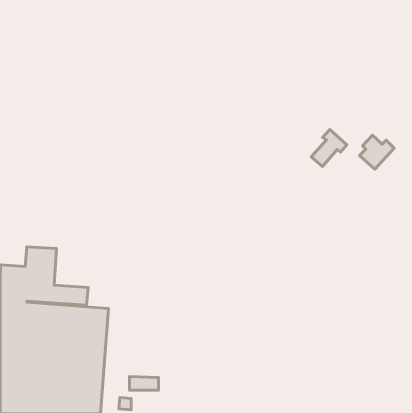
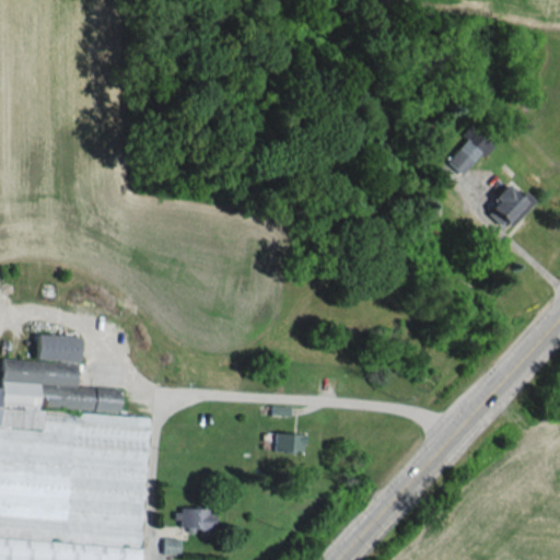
building: [311,129,347,167] -> [446,125,494,175]
building: none -> [273,433,303,452]

